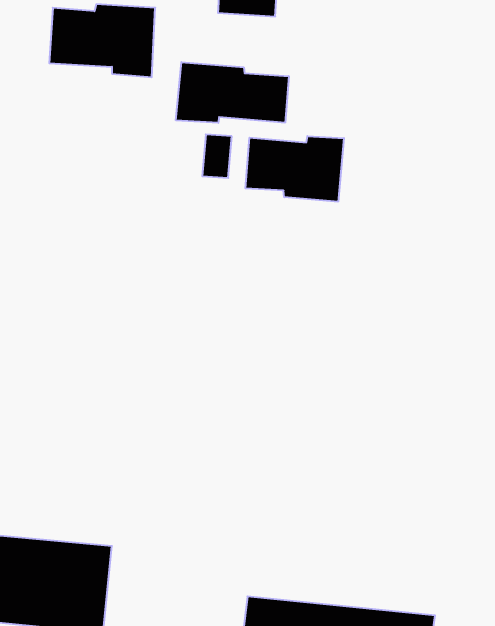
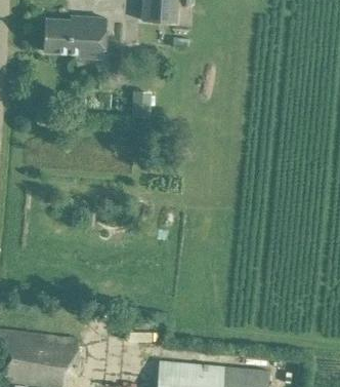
building: [176,62,289,123] -> none
building: [245,136,344,202] -> none

